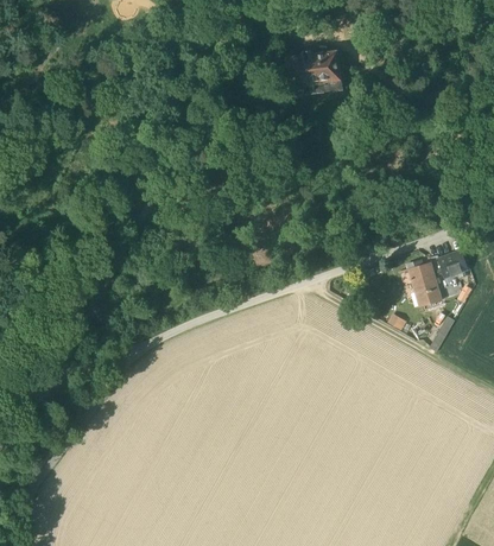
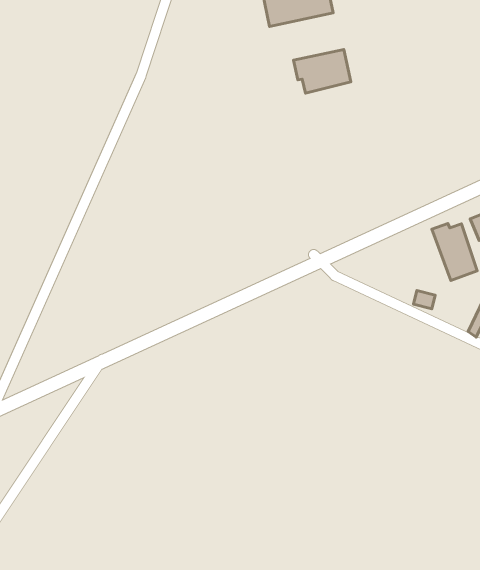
building: none -> [293,50,351,93]

